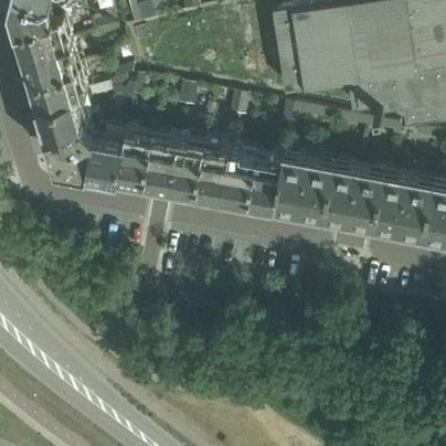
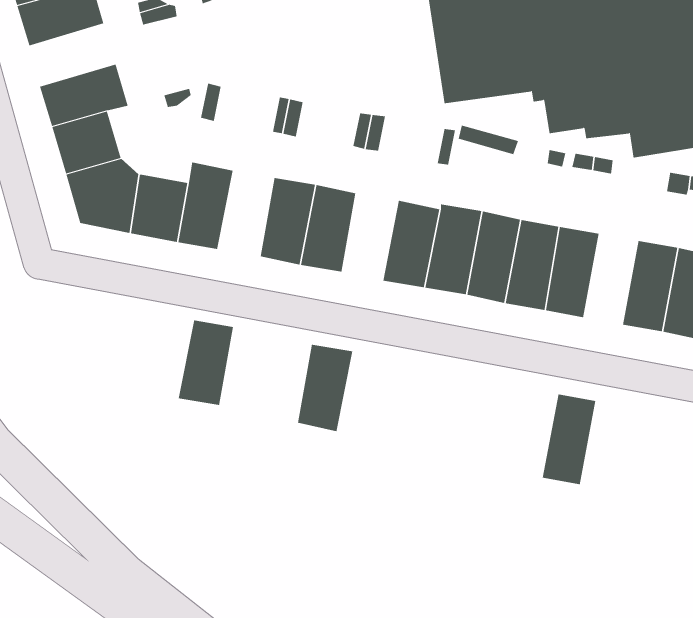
building: [24,42,79,82] -> none
building: [144,135,179,189] -> [178,320,234,406]
building: [222,149,257,204] -> [297,344,353,432]
building: [374,174,408,232] -> [542,394,596,485]

